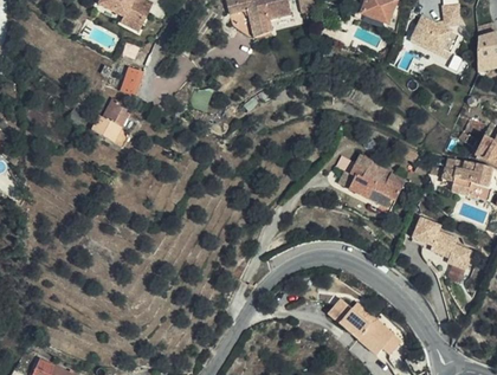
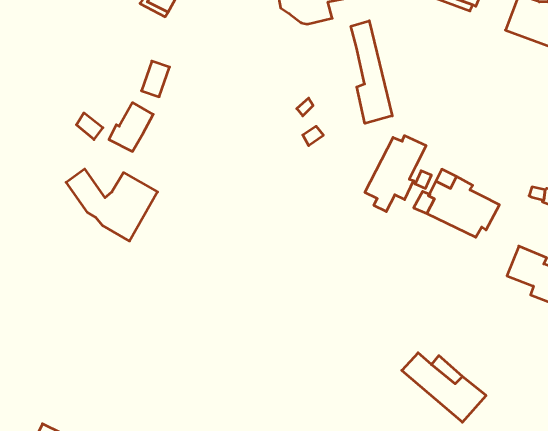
building: none -> [351,21,392,123]
building: none -> [365,136,426,212]
building: none -> [66,169,158,241]

